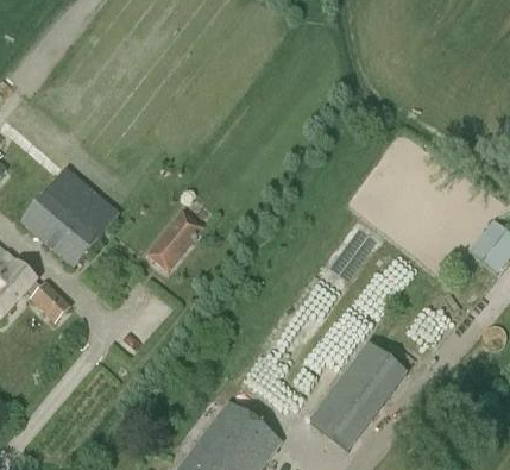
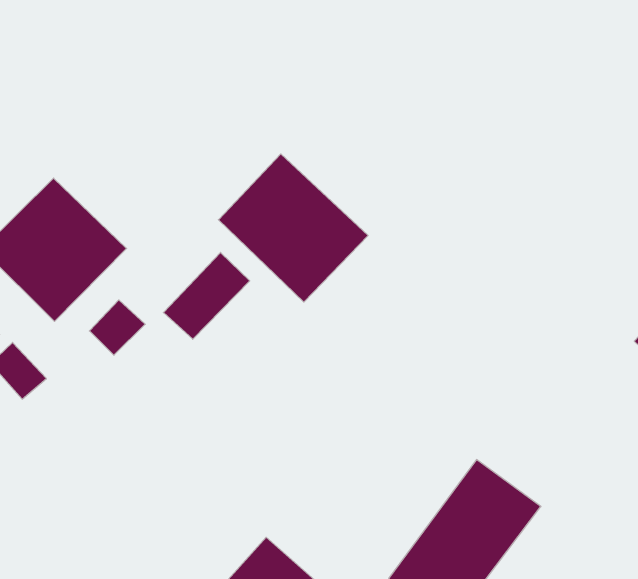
building: none -> [218,154,368,302]
building: none -> [89,300,145,355]

